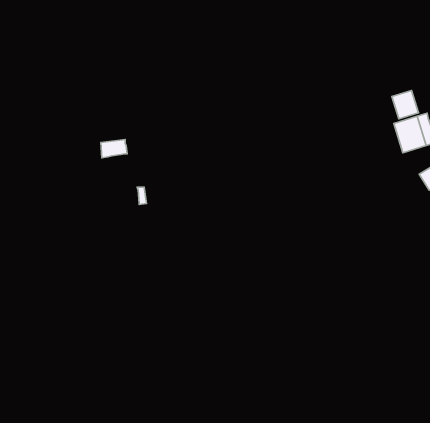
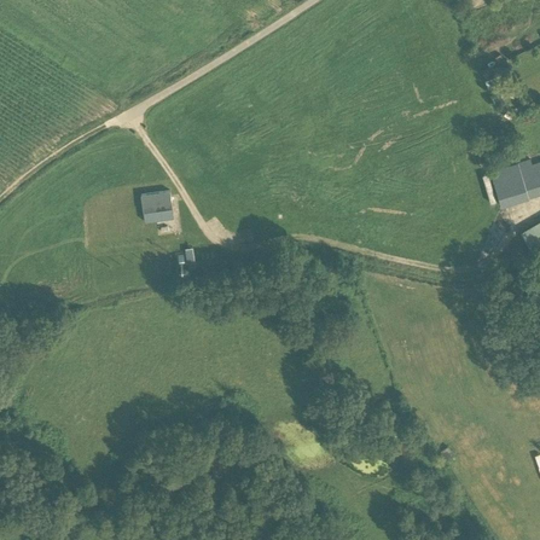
building: [392,90,418,119] -> none

